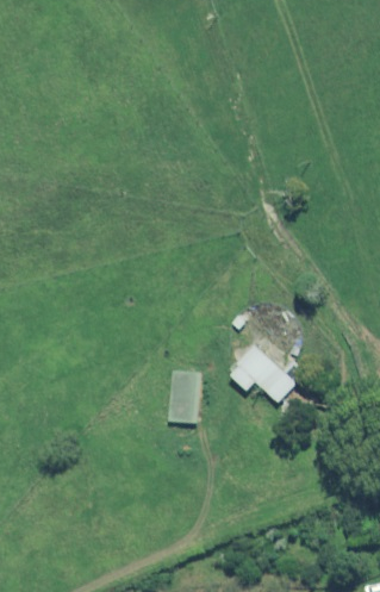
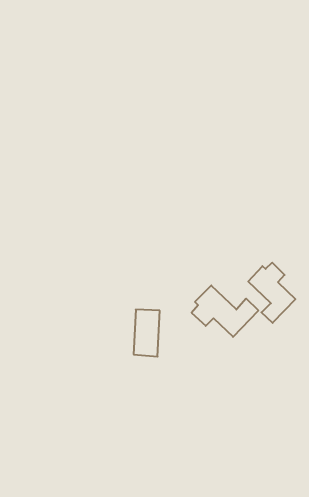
building: none -> [248,263,295,323]

